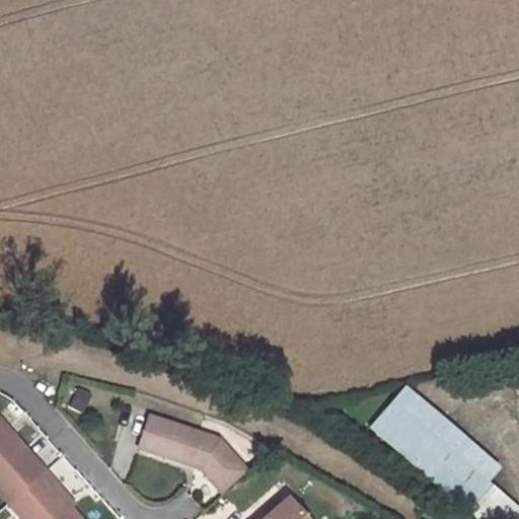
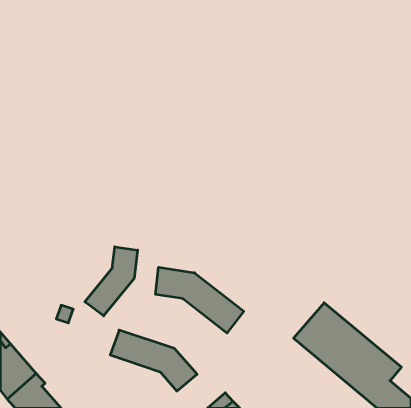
building: none -> [85,247,138,316]
building: none -> [156,267,244,333]

